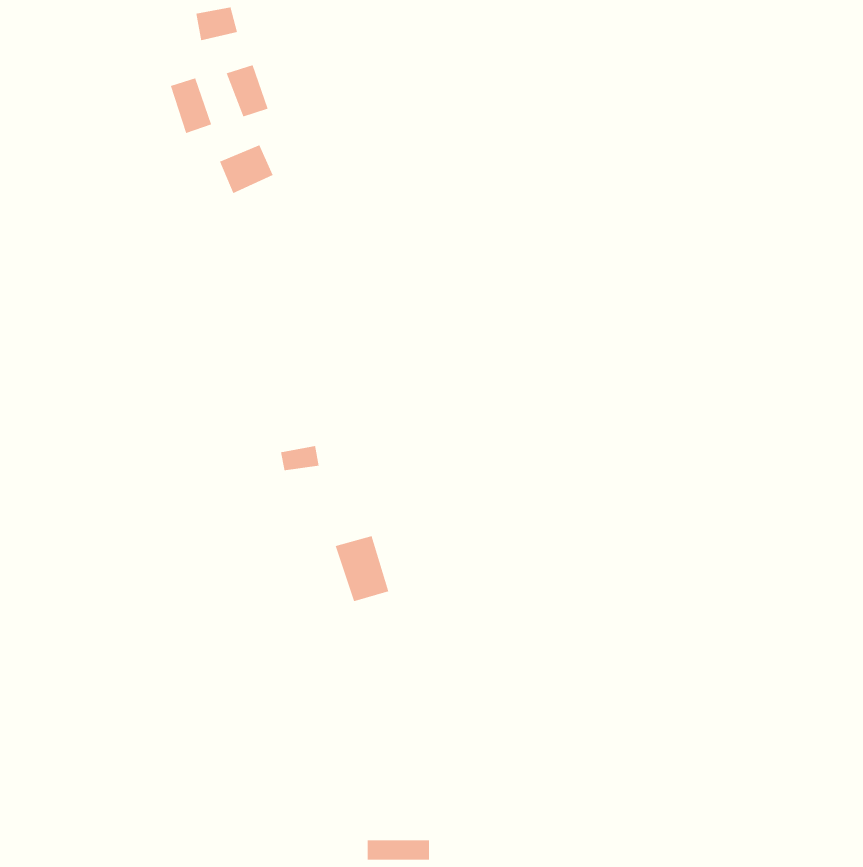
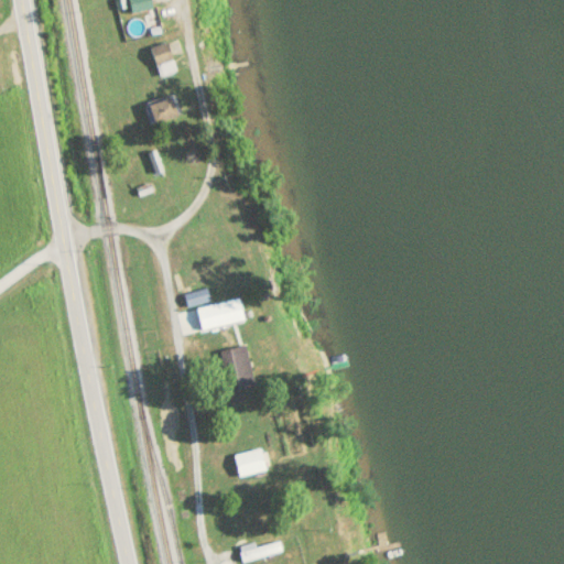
building: [170,78,212,134] -> none
building: none -> [197,299,245,330]
building: none -> [235,446,274,476]

